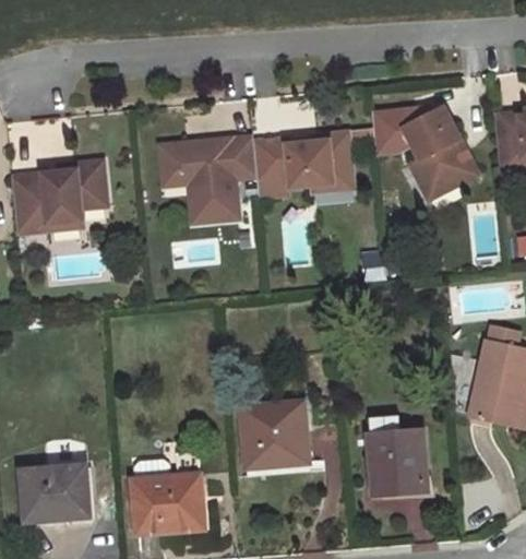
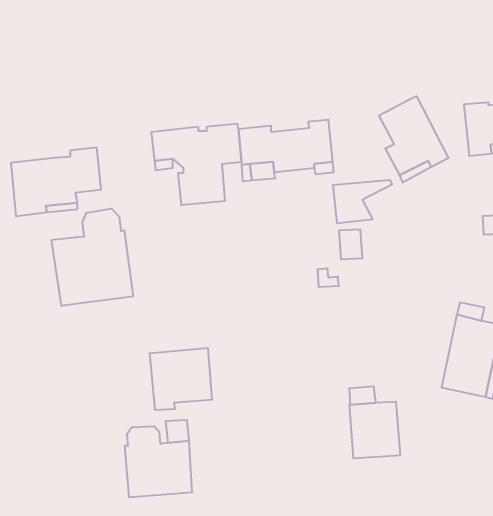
building: [372,107,435,153] -> [333,180,392,223]
building: none -> [52,209,133,306]
building: [242,402,309,467] -> [150,348,212,410]
building: [23,465,91,521] -> none

